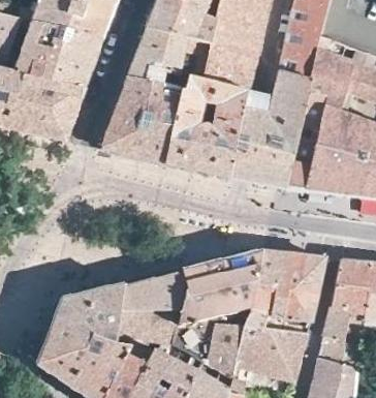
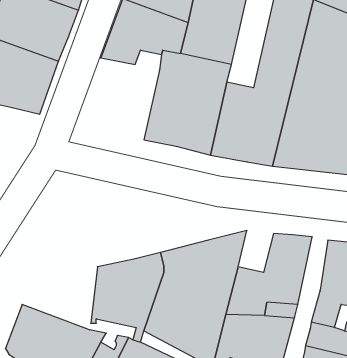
building: [101,88,180,164] -> none
building: [253,249,286,288] -> none
building: [52,283,122,342] -> none

